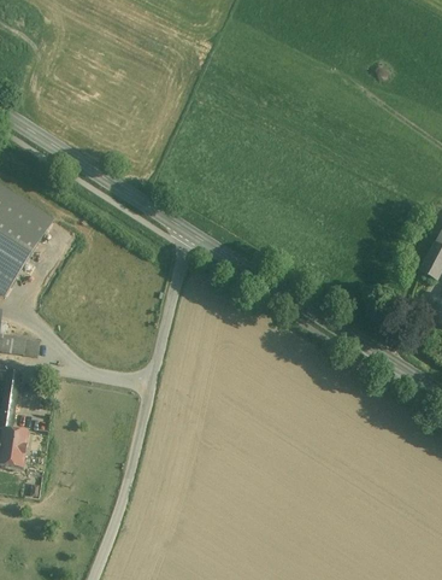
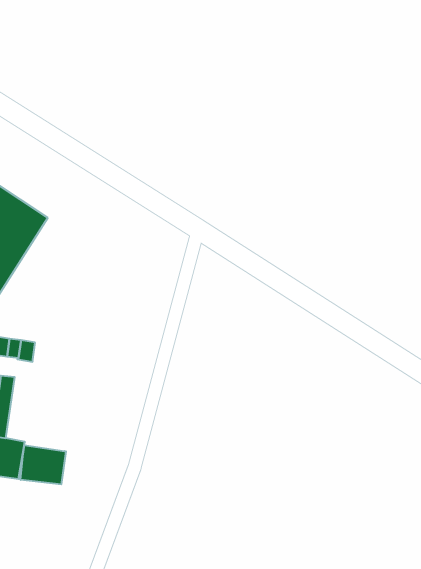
building: none -> [21,445,66,484]

